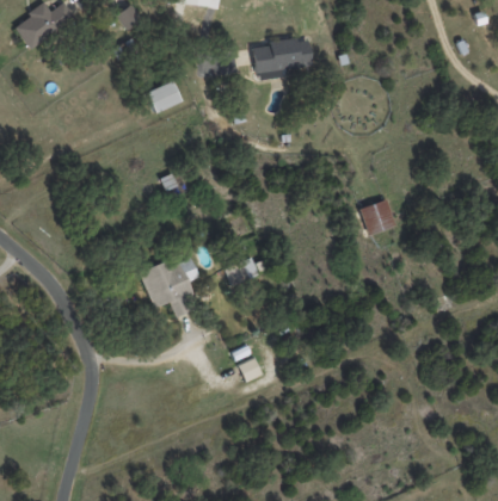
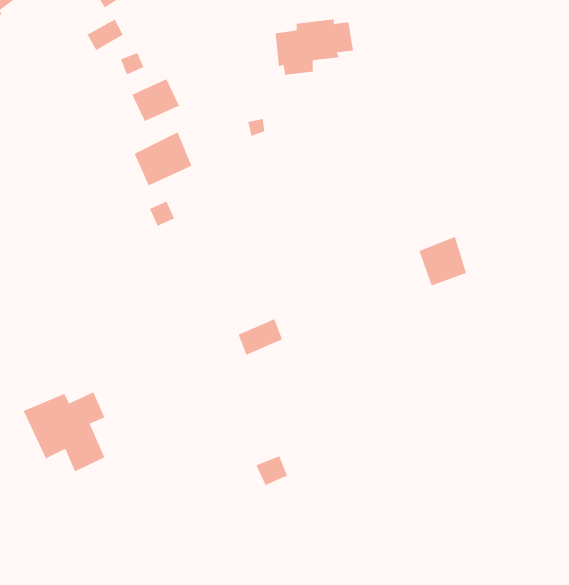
building: none -> [134,132,192,186]
building: [139,258,199,317] -> [23,392,105,472]

